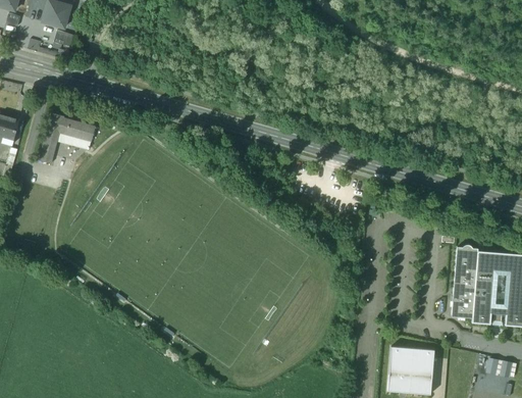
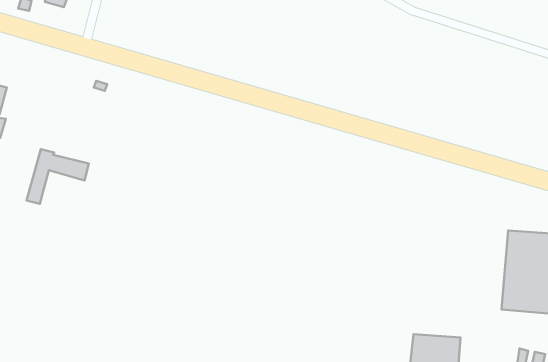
building: [39,113,96,163] -> [26,149,89,204]
building: [452,244,478,318] -> none

